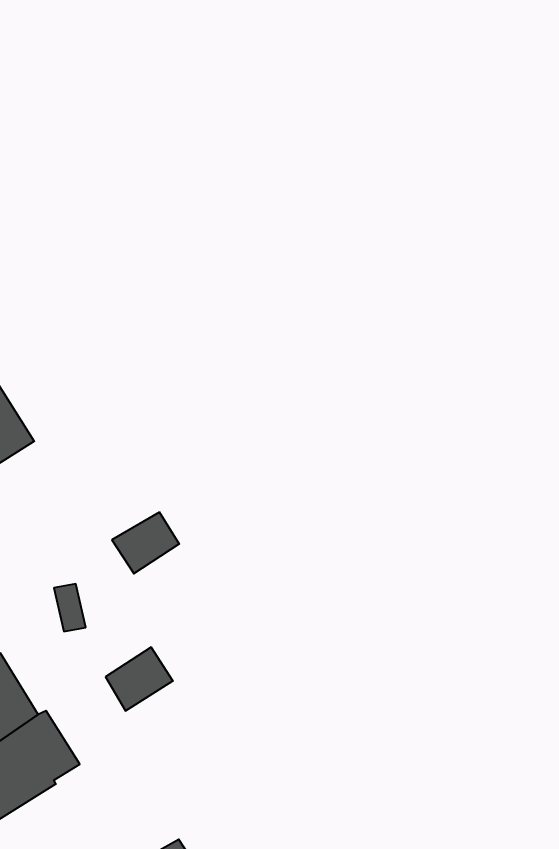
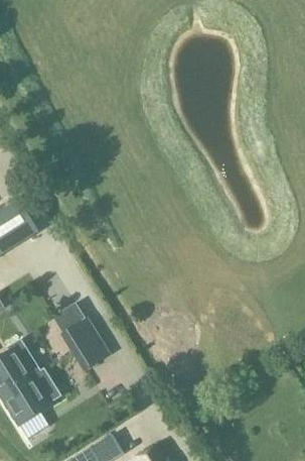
building: [112,512,179,574] -> [62,320,97,351]

